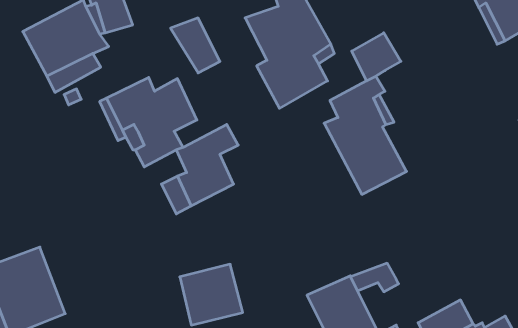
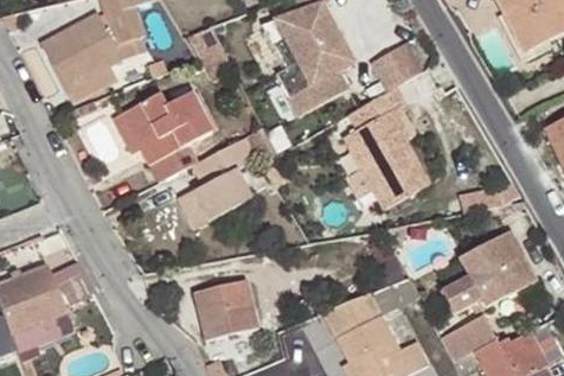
building: none -> [446,231,538,312]

